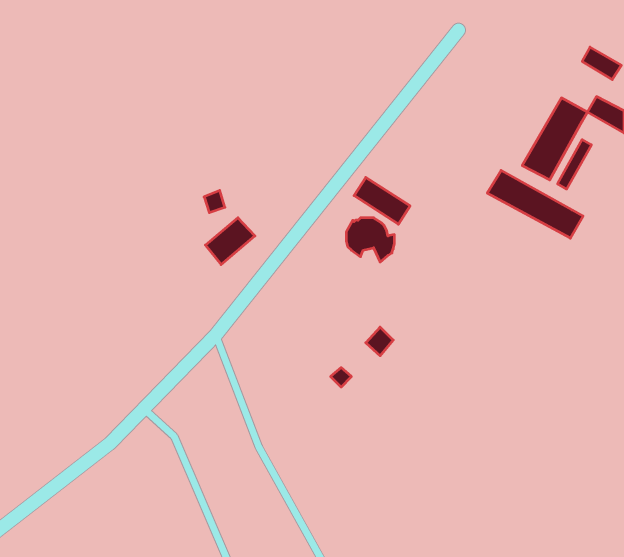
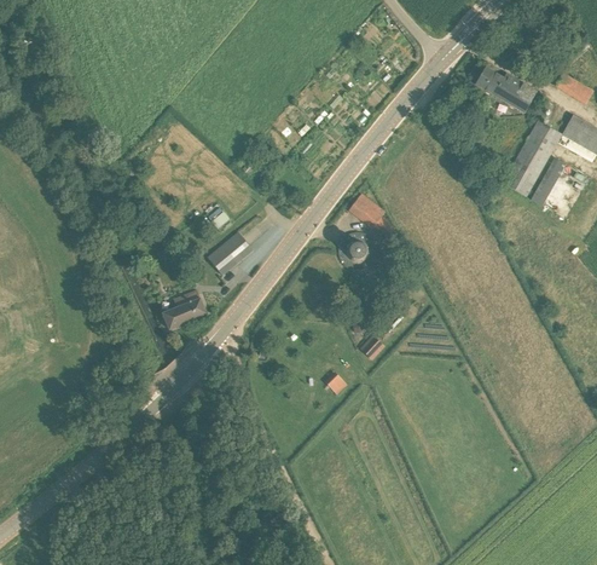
building: none -> [476,67,538,111]
building: [487,170,583,238] -> none
building: none -> [162,287,207,328]

